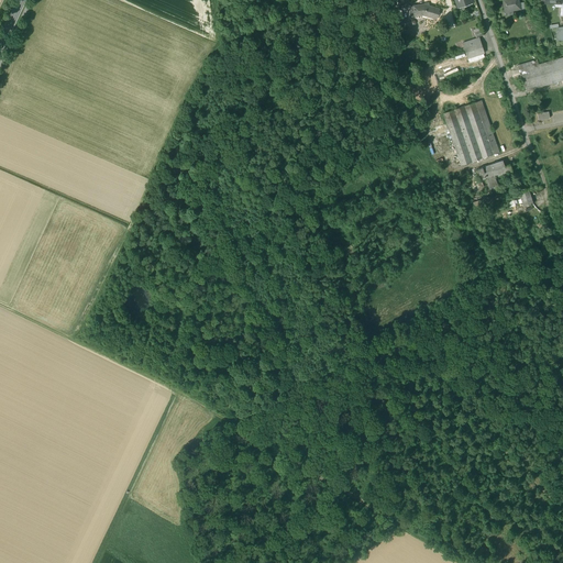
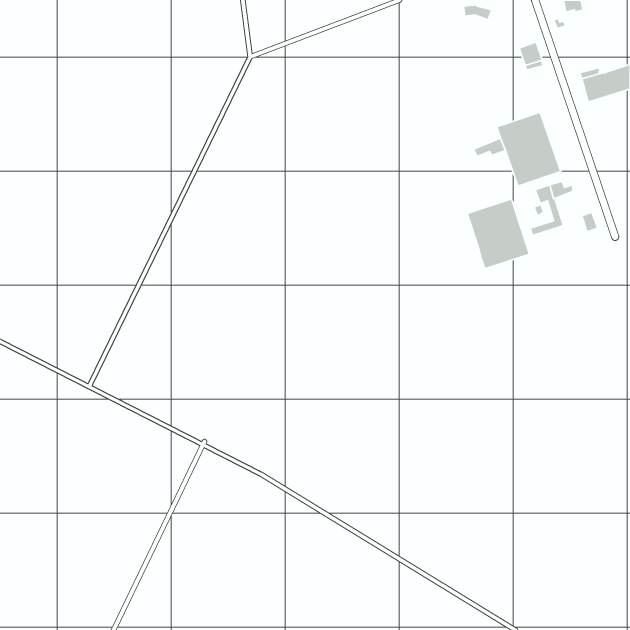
building: none -> [467,199,529,269]

